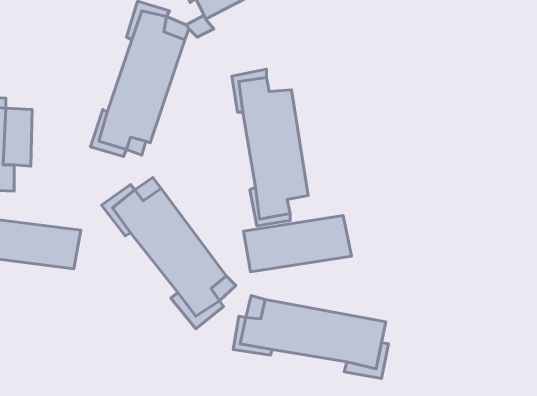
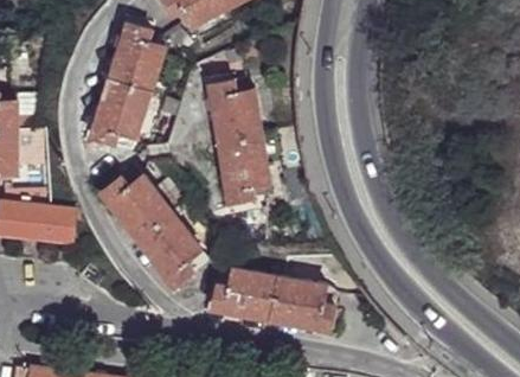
building: [244,216,352,272] -> none

